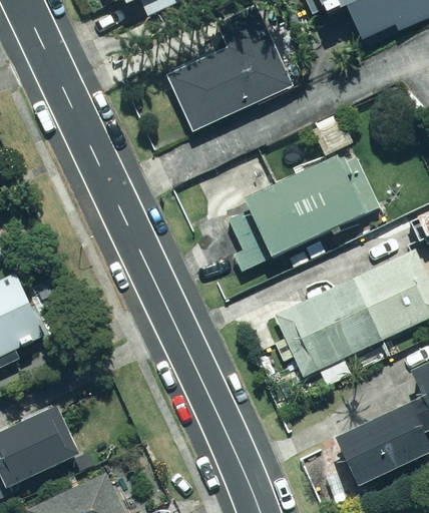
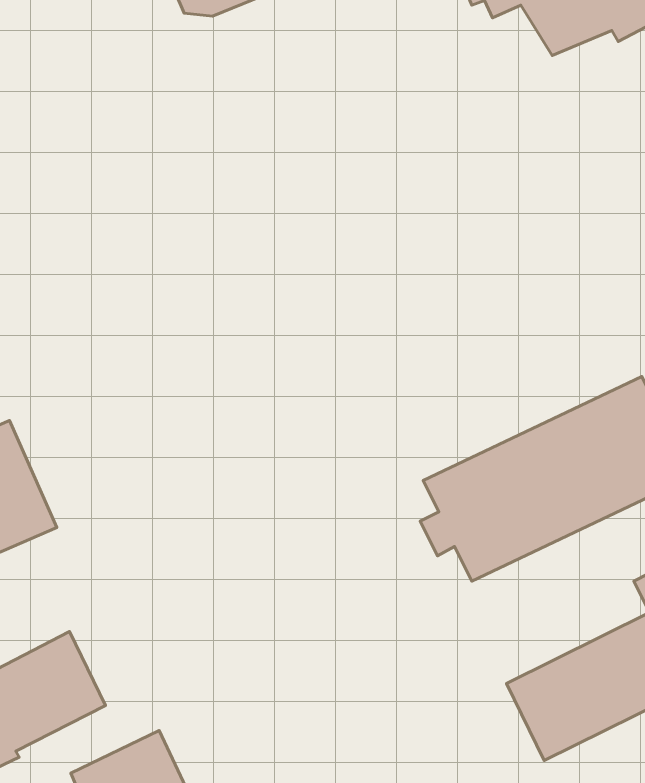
building: [165,32,292,131] -> none
building: [231,153,382,268] -> none

